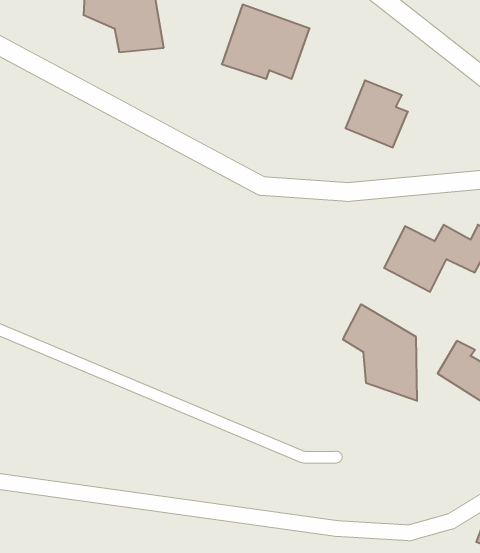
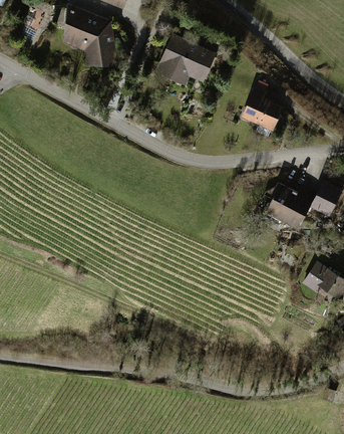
building: [343,304,417,401] -> none

